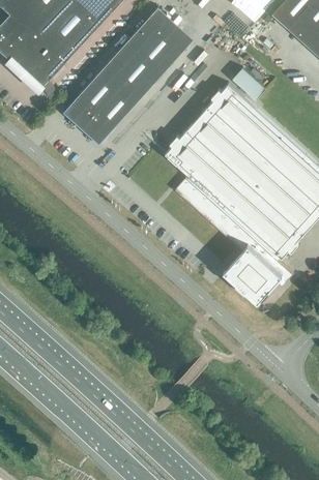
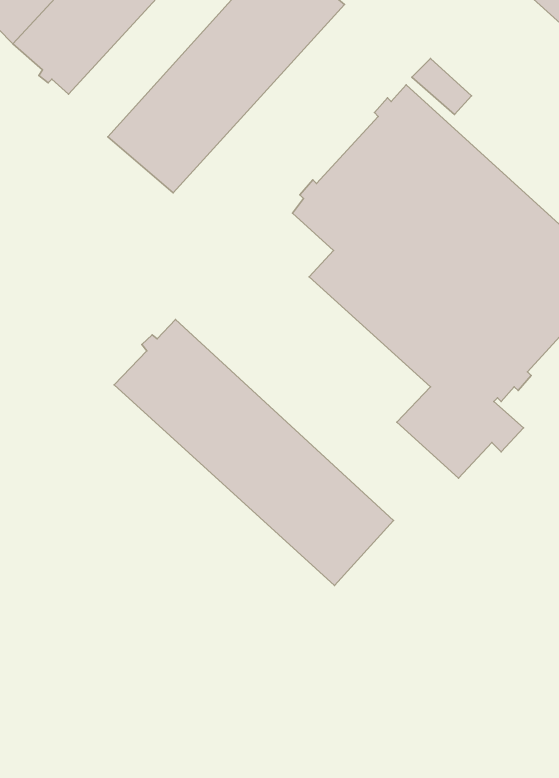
building: none -> [114,320,394,586]

